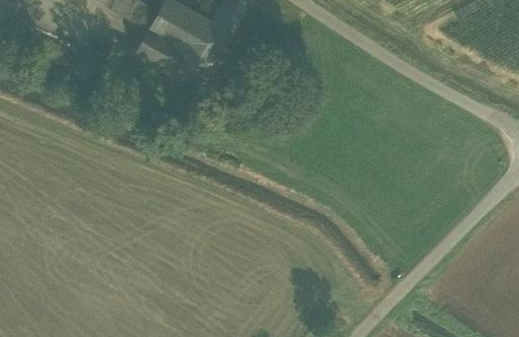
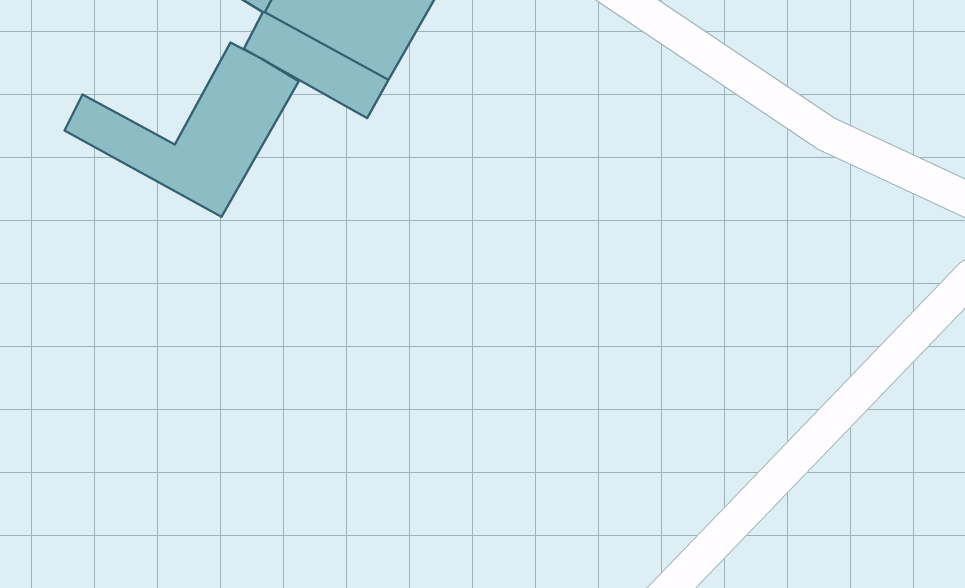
building: none -> [64,43,299,217]

